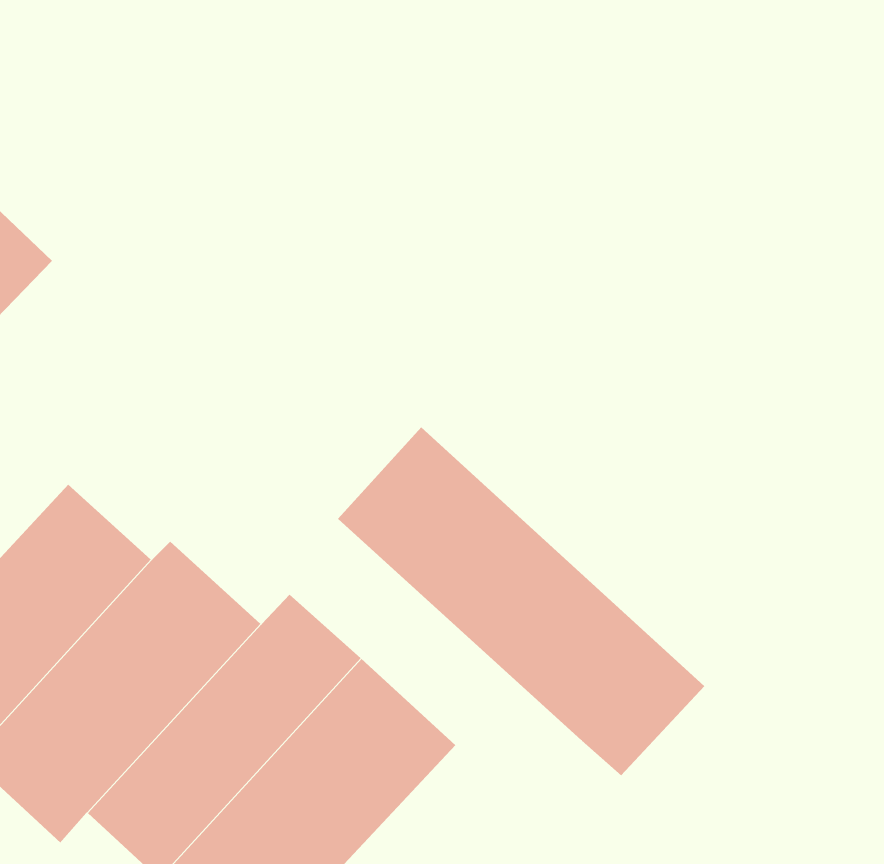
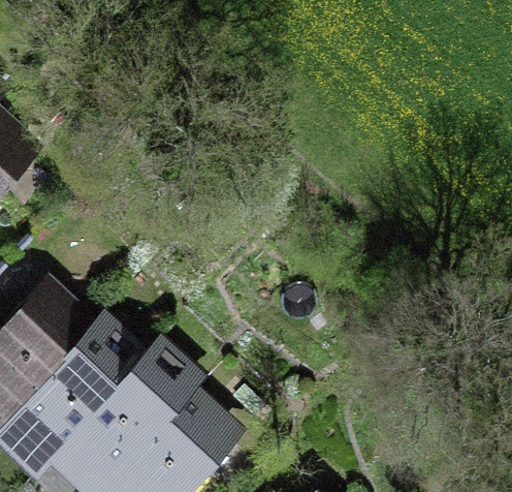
building: [337,426,705,776] -> none

